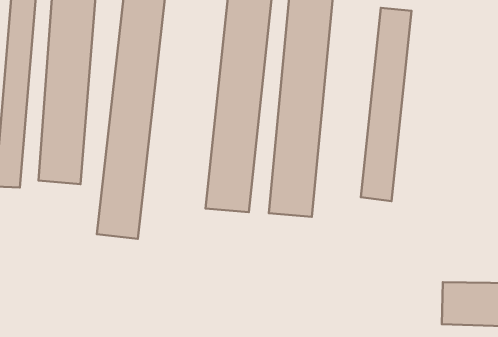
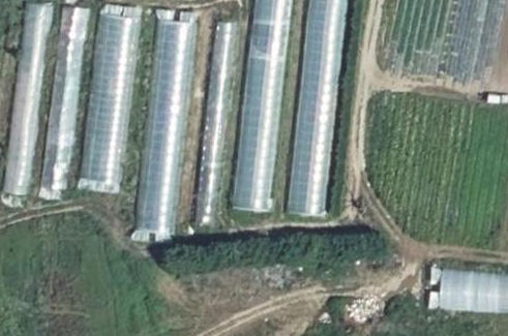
building: [361,8,412,201] -> none

